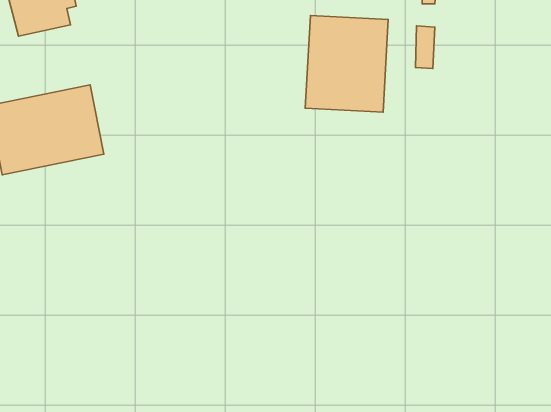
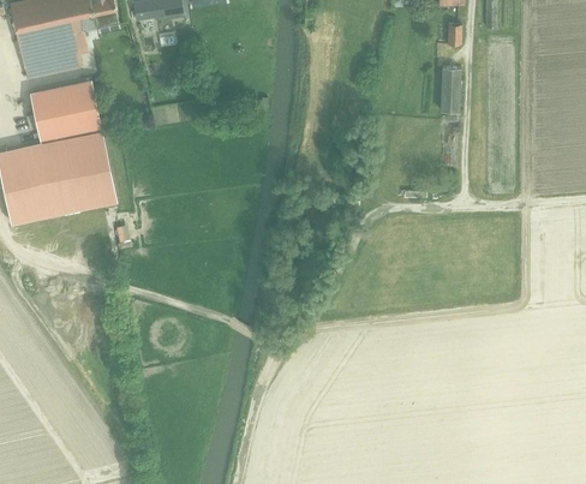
building: [305,15,388,112] -> none
building: none -> [29,78,101,139]

